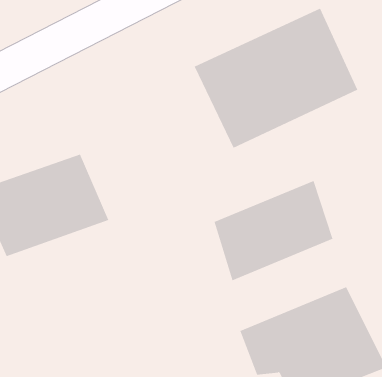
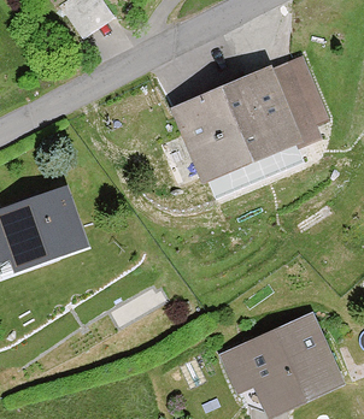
building: [214,180,333,281] -> none

